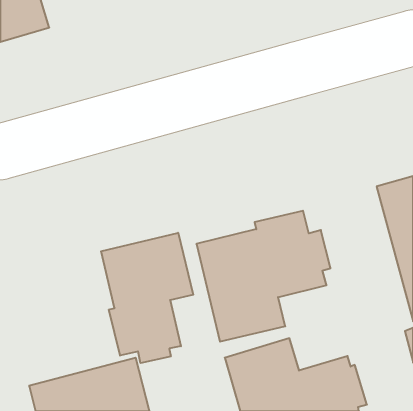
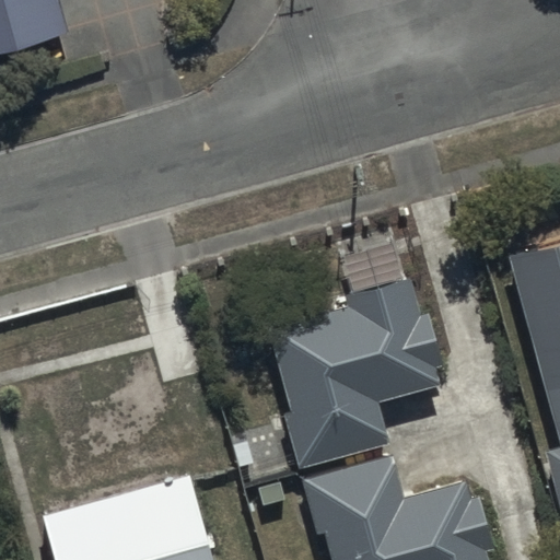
building: [101,233,193,363] -> none

